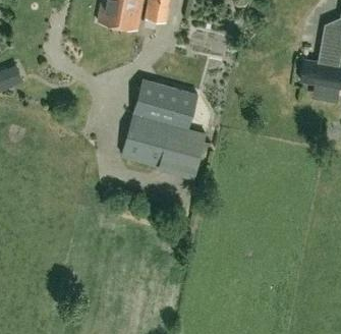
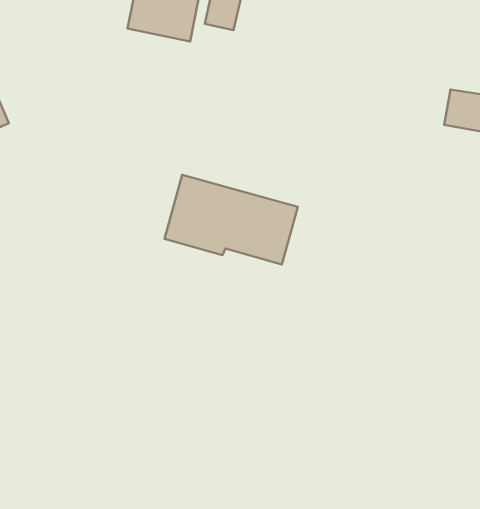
building: [132,79,197,130] -> none

